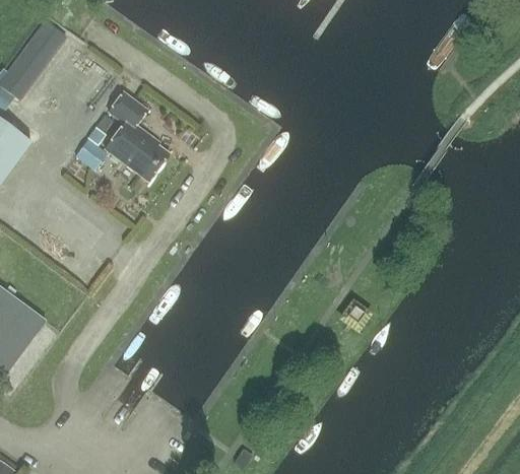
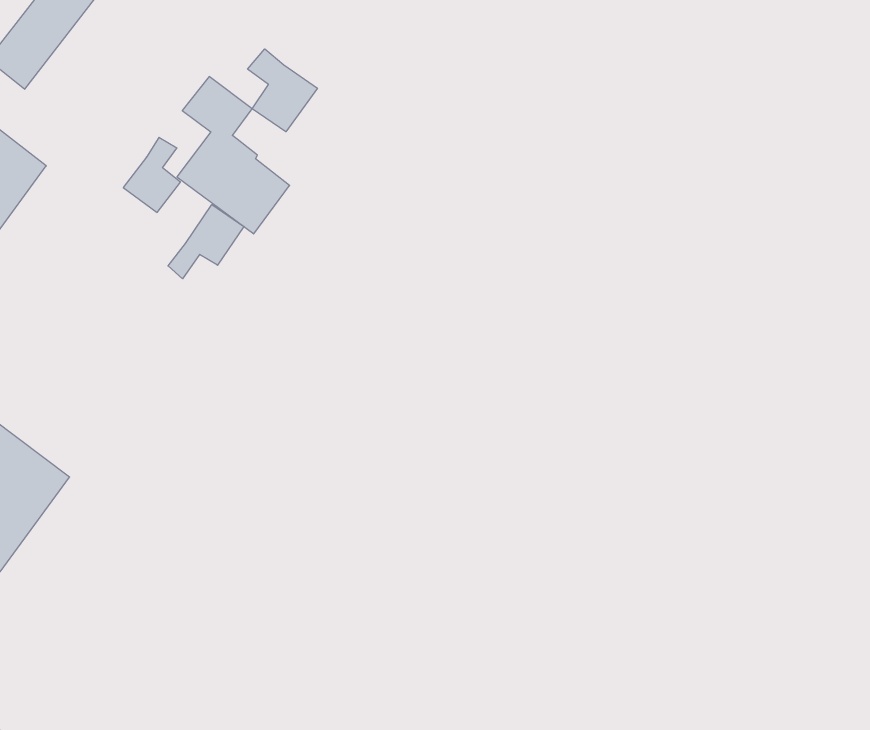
building: none -> [248,49,317,132]
building: none -> [168,205,244,279]

